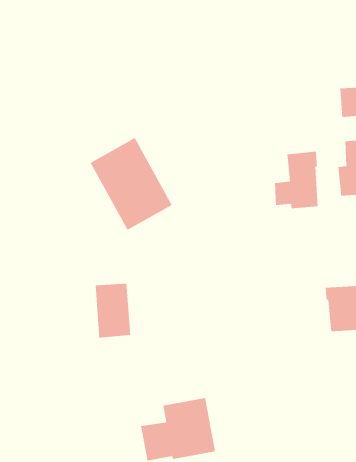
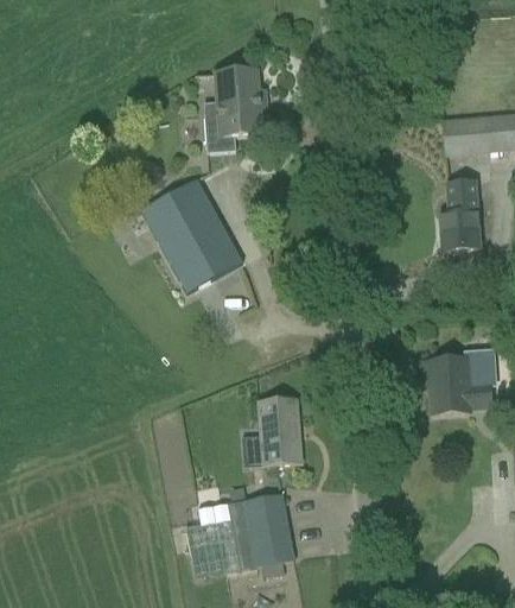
building: none -> [204,69,262,151]
building: [274,151,318,209] -> none
building: [95,283,131,338] -> [258,398,301,464]

